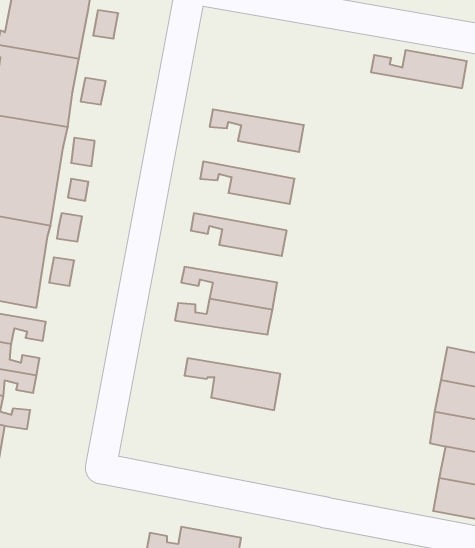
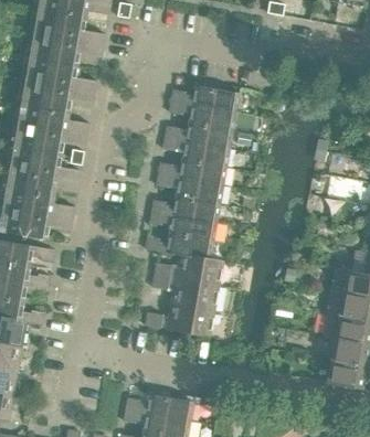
building: [371,50,467,88] -> [171,84,239,110]
building: none -> [165,121,232,148]
building: none -> [158,158,225,184]
building: none -> [151,194,220,221]
building: none -> [154,253,223,285]
building: none -> [145,301,214,335]

